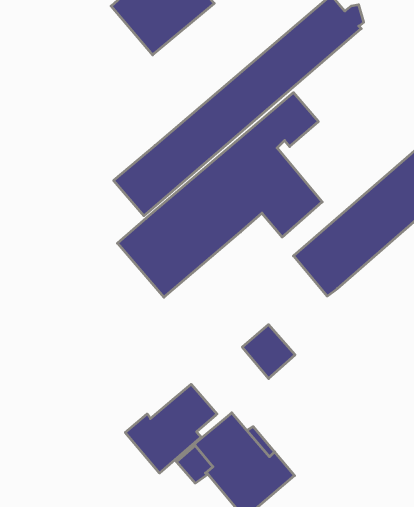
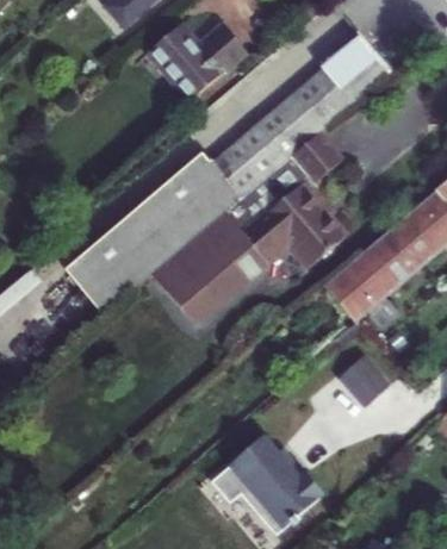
building: none -> [77,214,179,310]
building: [242,325,295,379] -> [339,356,389,407]
building: [125,384,217,473] -> none

